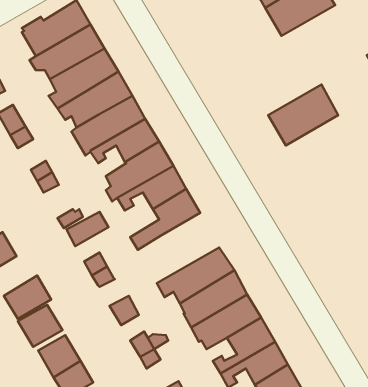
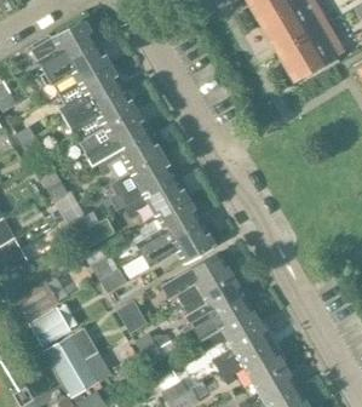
building: [268,84,338,146] -> [278,23,345,81]
building: none -> [142,220,214,268]

